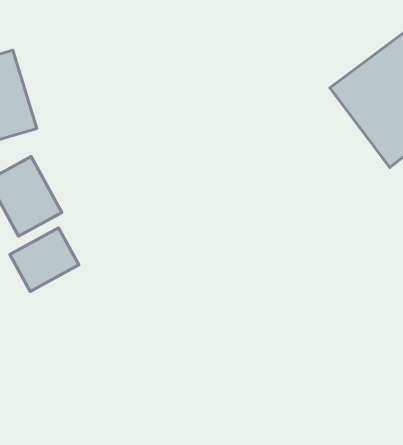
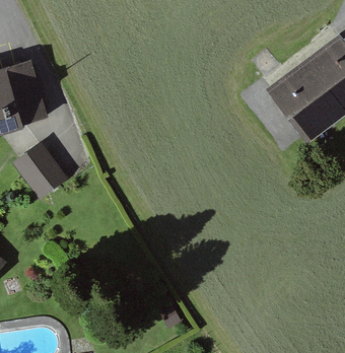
building: [10,228,79,292] -> none

